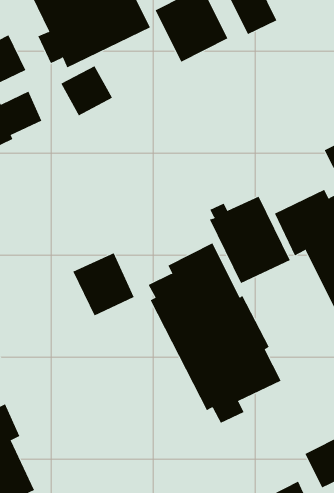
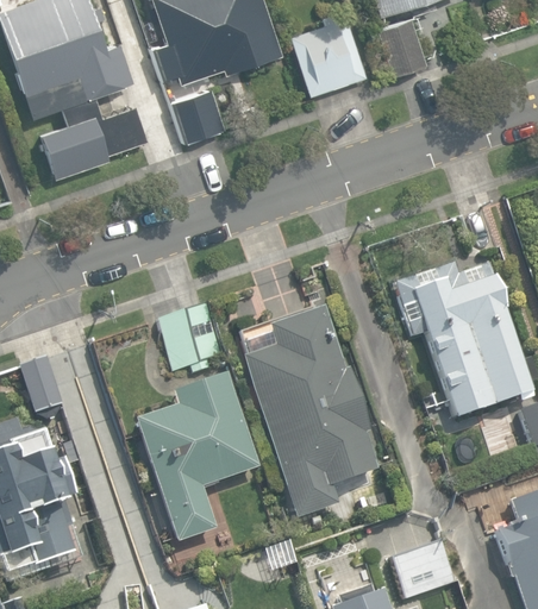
building: [209,196,290,284] -> none
building: none -> [136,375,259,542]

